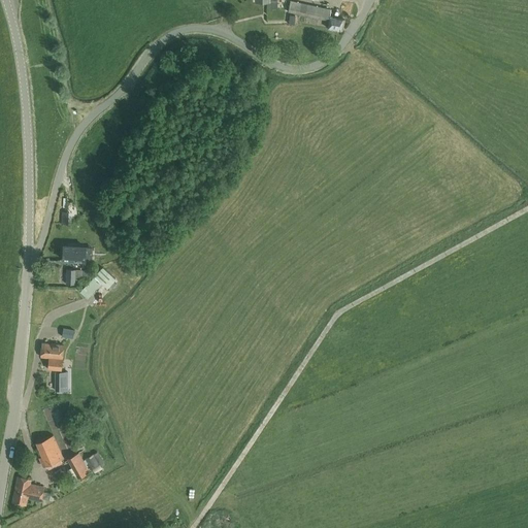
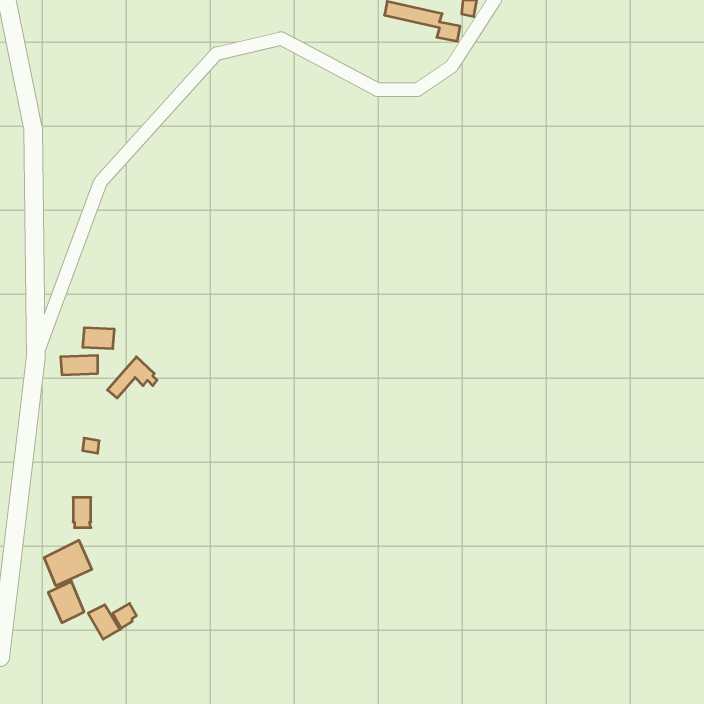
building: [40,343,64,370] -> none
building: none -> [44,540,92,586]
building: [12,476,48,505] -> none

